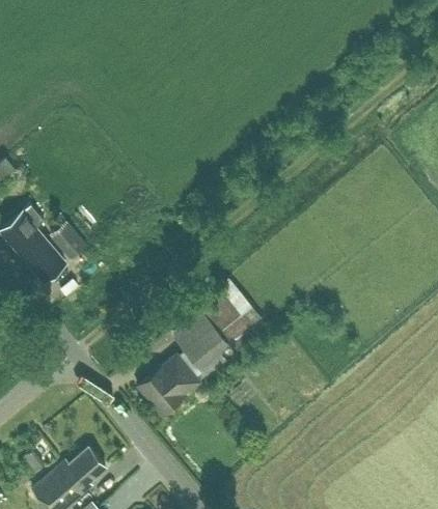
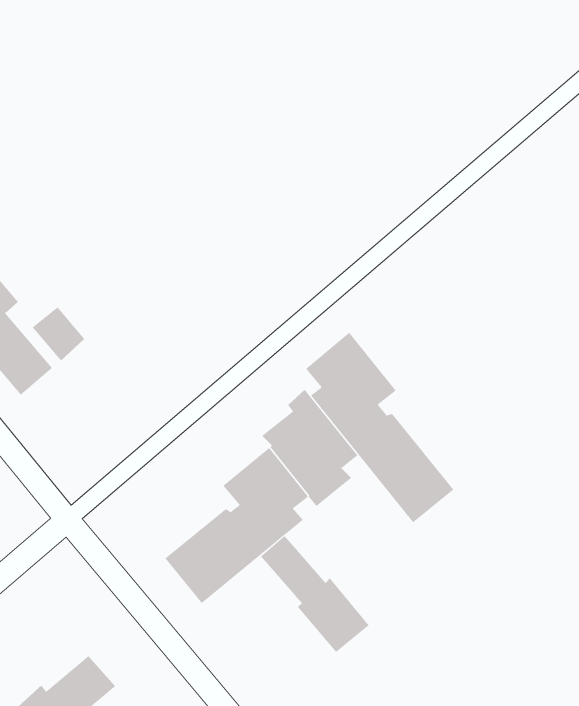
building: none -> [306,332,454,523]
building: none -> [260,535,369,653]

